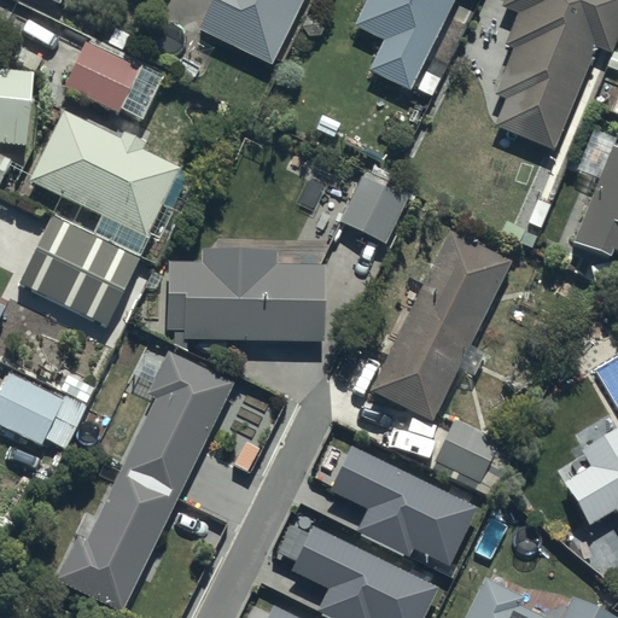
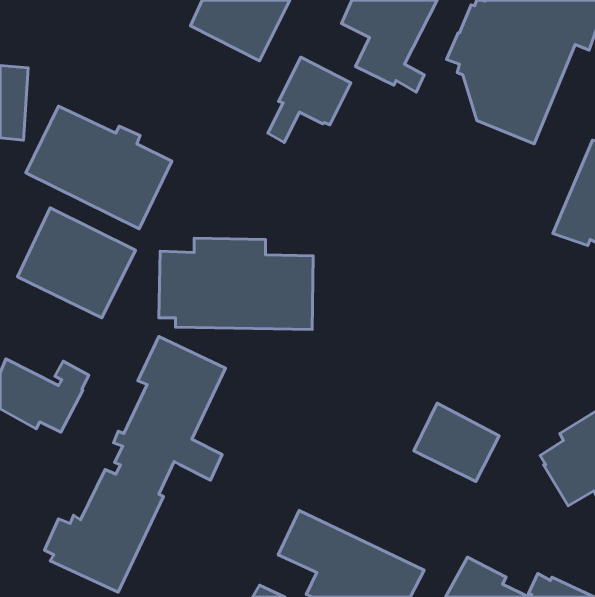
building: [63,28,157,122] -> none
building: [328,174,414,262] -> [268,57,351,142]
building: [371,229,511,420] -> none
building: [328,444,479,567] -> none

